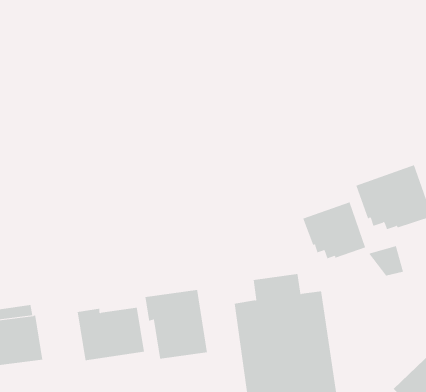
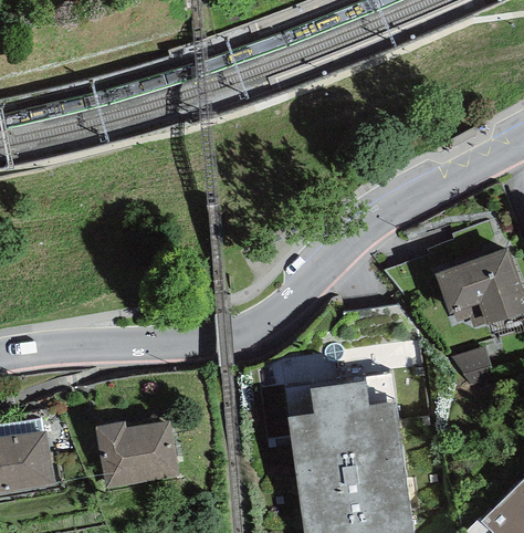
building: [303,202,366,259] -> none
building: [145,289,207,360] -> none

